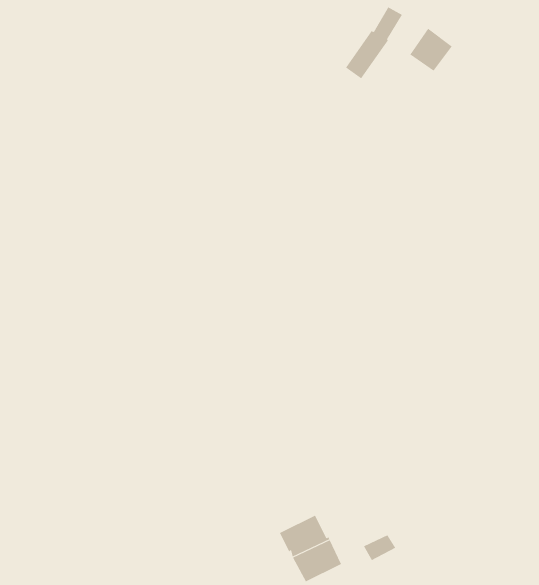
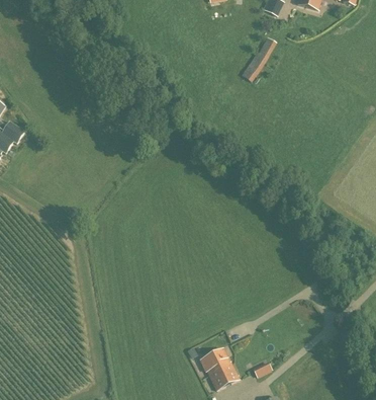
building: [409,28,452,72] -> none

